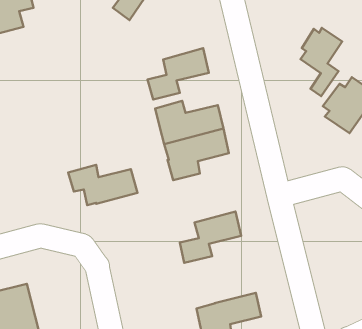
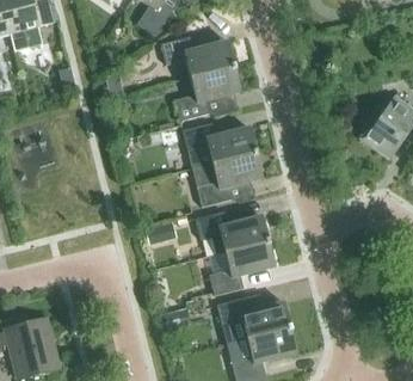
building: none -> [160,36,234,78]
building: [301,28,342,96] -> none
building: [68,165,137,205] -> [195,210,269,253]
building: none -> [216,295,290,344]

